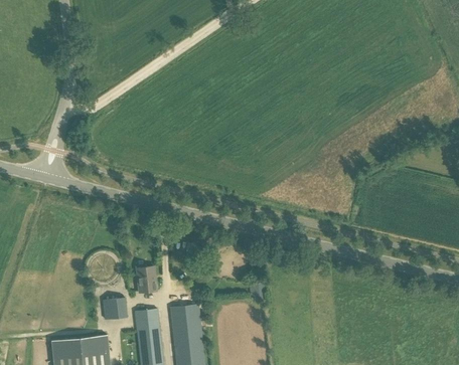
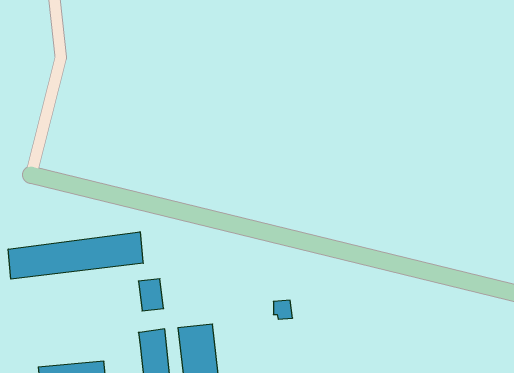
building: none -> [8,232,143,279]
building: [102,297,126,319] -> none

